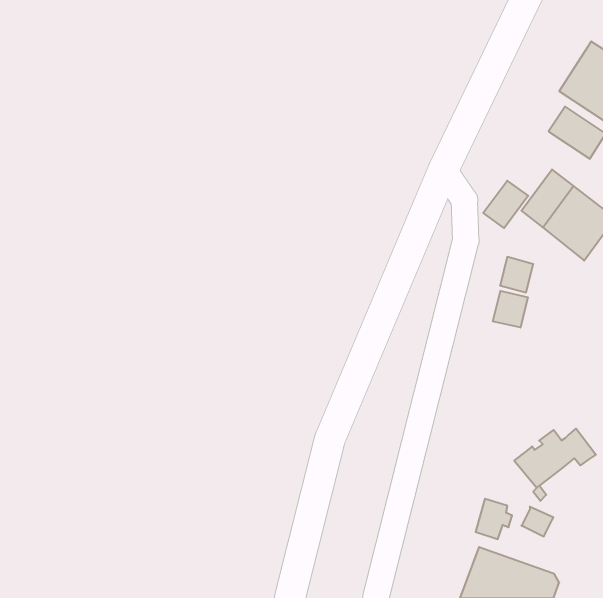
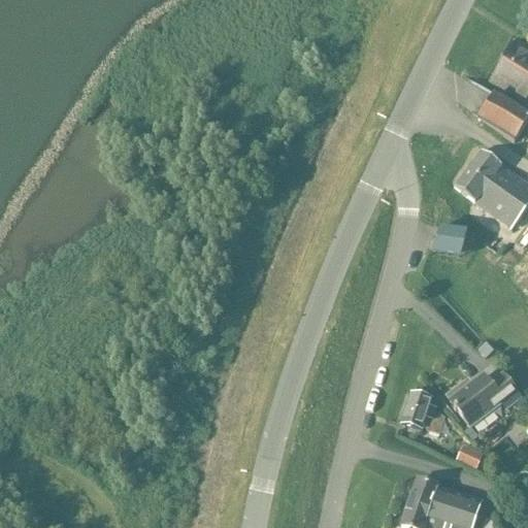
building: [483,181,528,228] -> none
building: [493,291,528,328] -> none
building: [476,499,512,539] -> [403,391,435,426]

